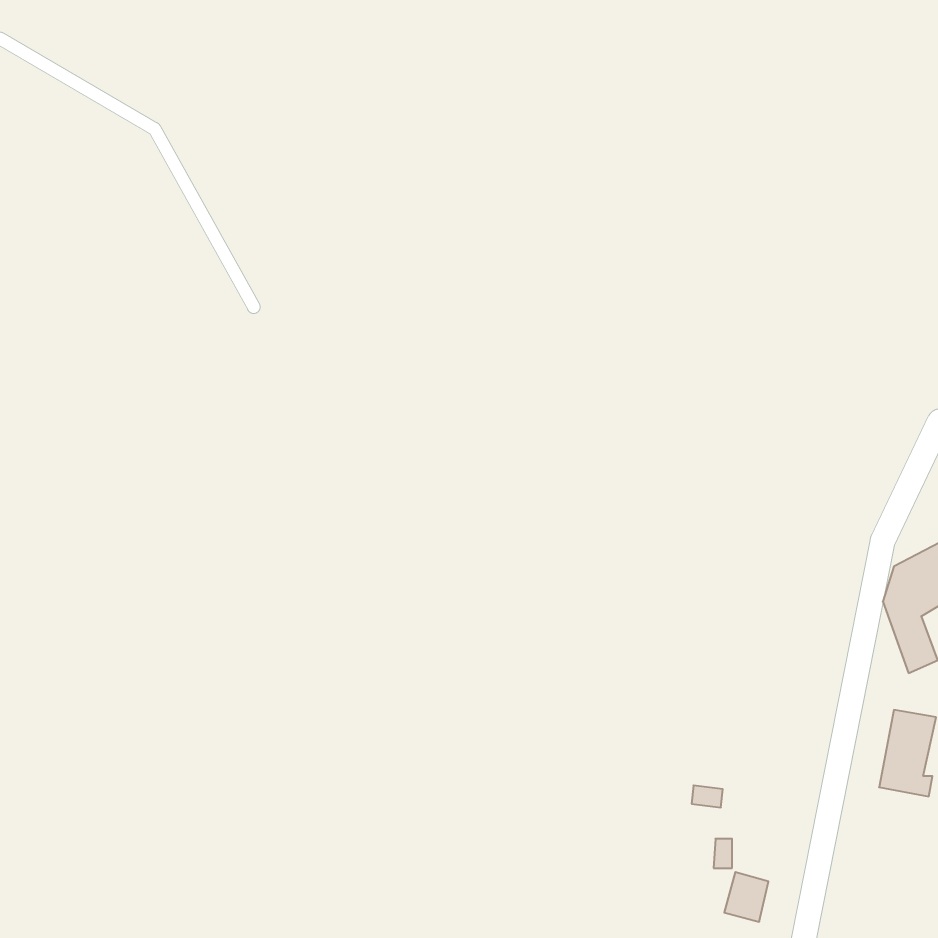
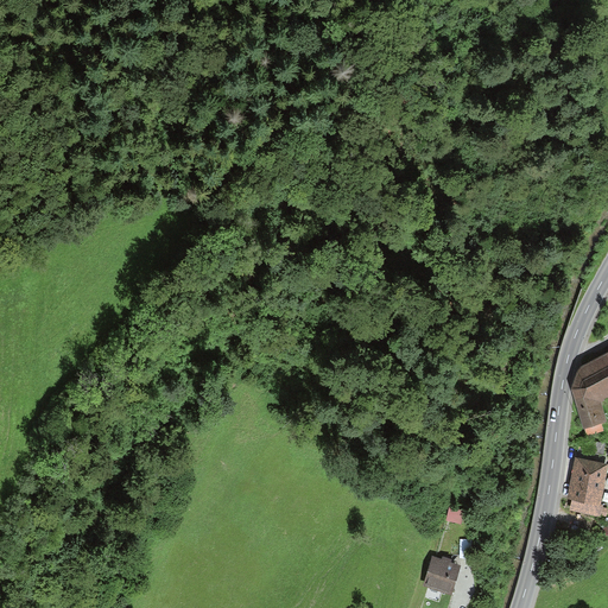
building: [724,872,768,922] -> [430,557,458,589]

